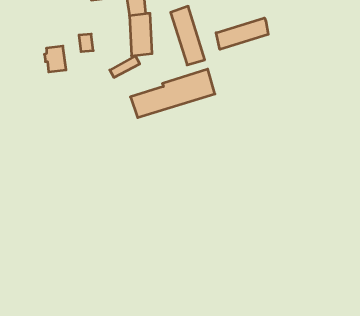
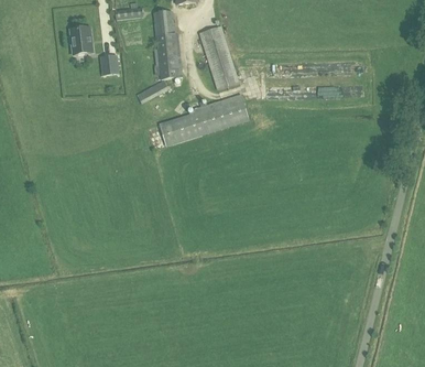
building: [216,18,268,49] -> none
building: [44,46,66,72] -> [68,28,91,55]

